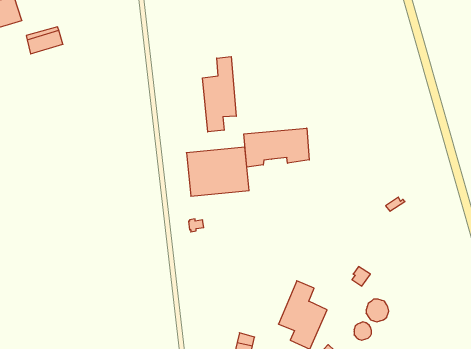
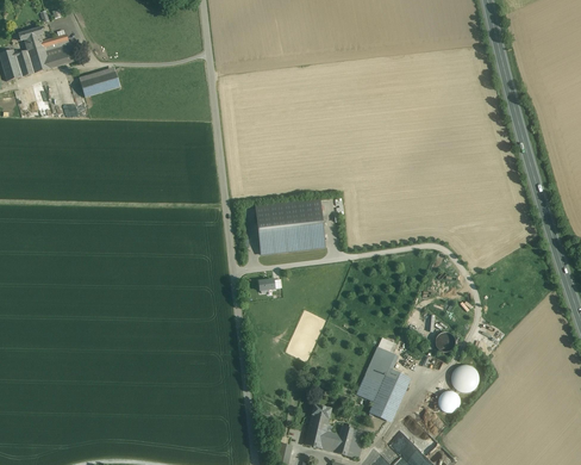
building: [203,57,236,132] -> none
building: [244,128,309,167] -> none

